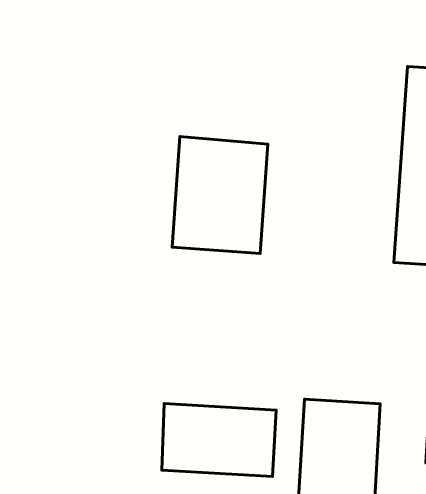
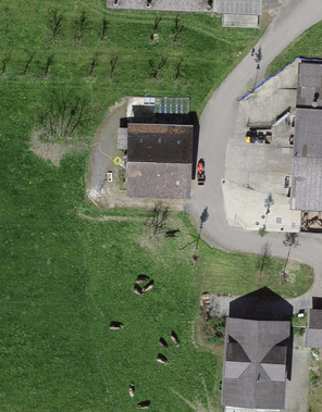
building: [162,404,276,476] -> none

